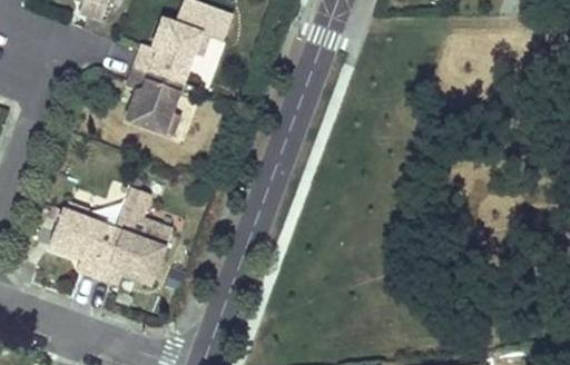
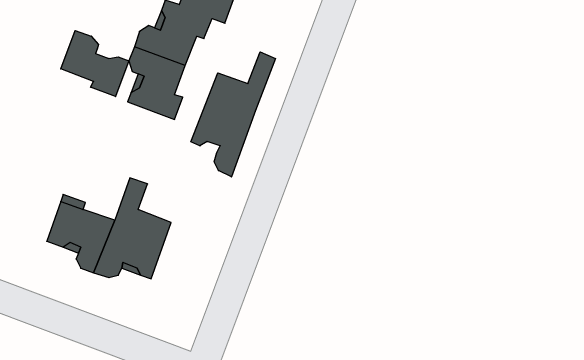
building: none -> [61,31,129,97]
building: none -> [191,52,276,177]

